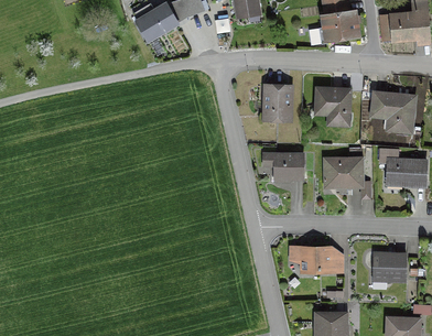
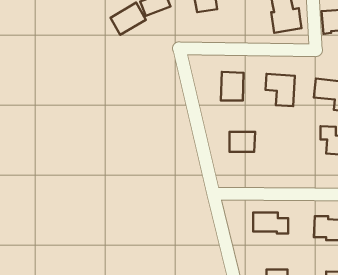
building: [325,159,370,197] -> none

